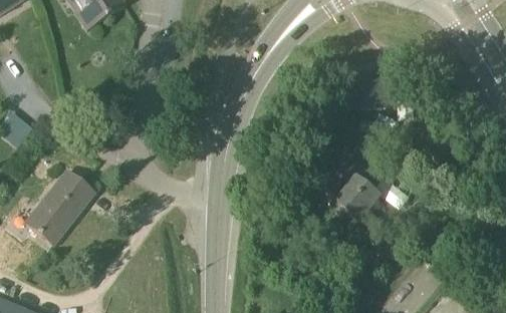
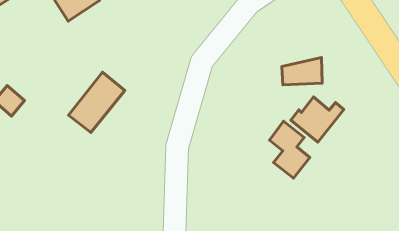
building: none -> [291,97,344,142]
building: [25,170,93,243] -> [69,72,125,133]

